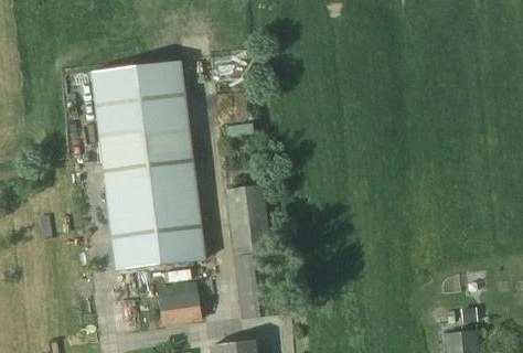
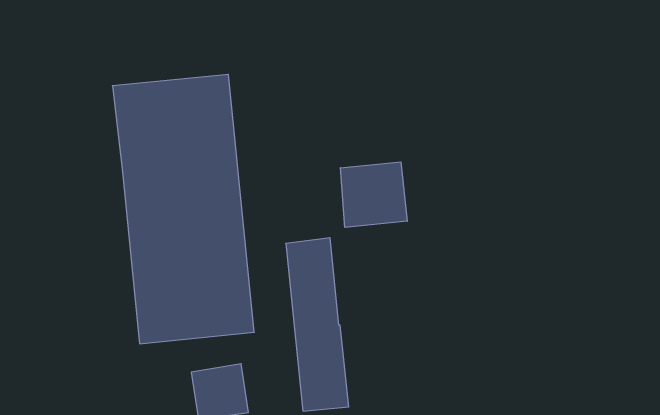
building: none -> [340,162,407,227]

